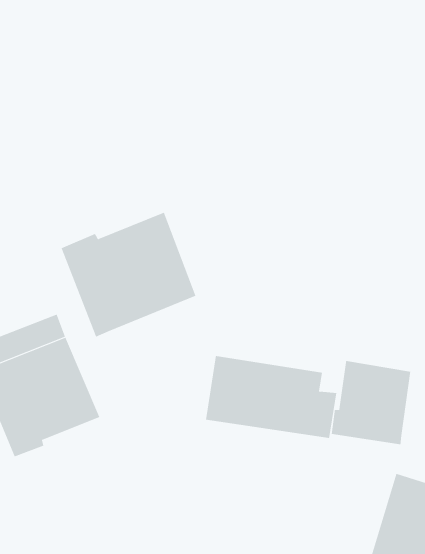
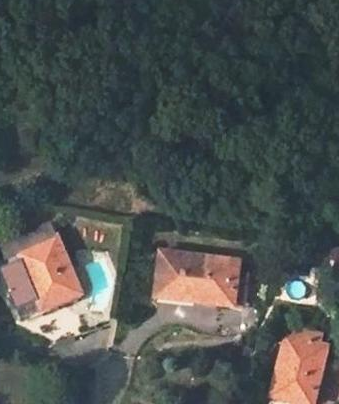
building: [61,212,196,337] -> none
building: [331,360,411,445] -> none

